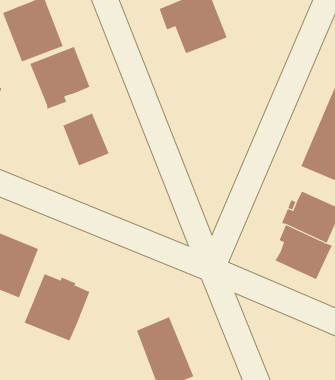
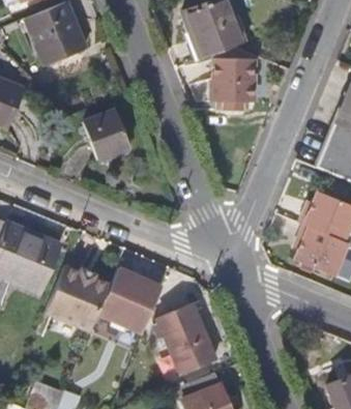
building: [29,46,90,110] -> none
building: none -> [212,61,250,109]
building: none -> [99,268,164,334]

